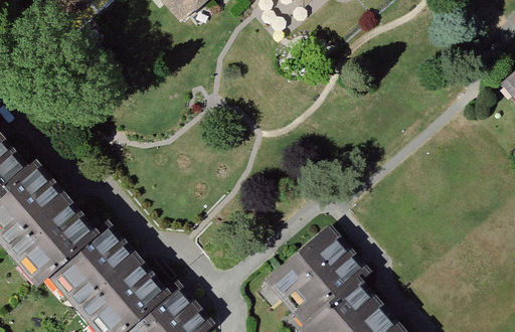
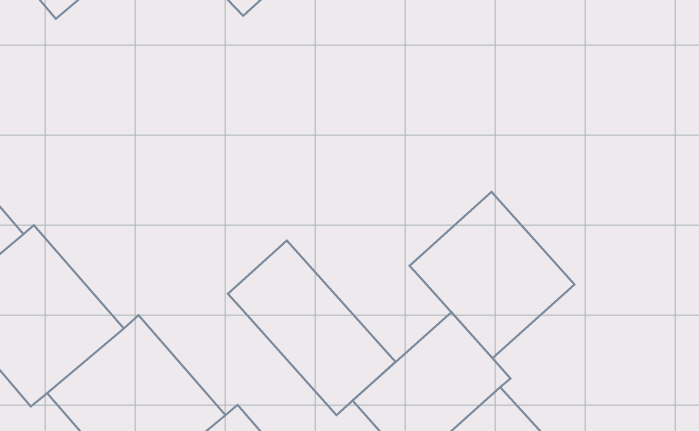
building: none -> [409,192,575,358]
building: none -> [228,240,396,415]

